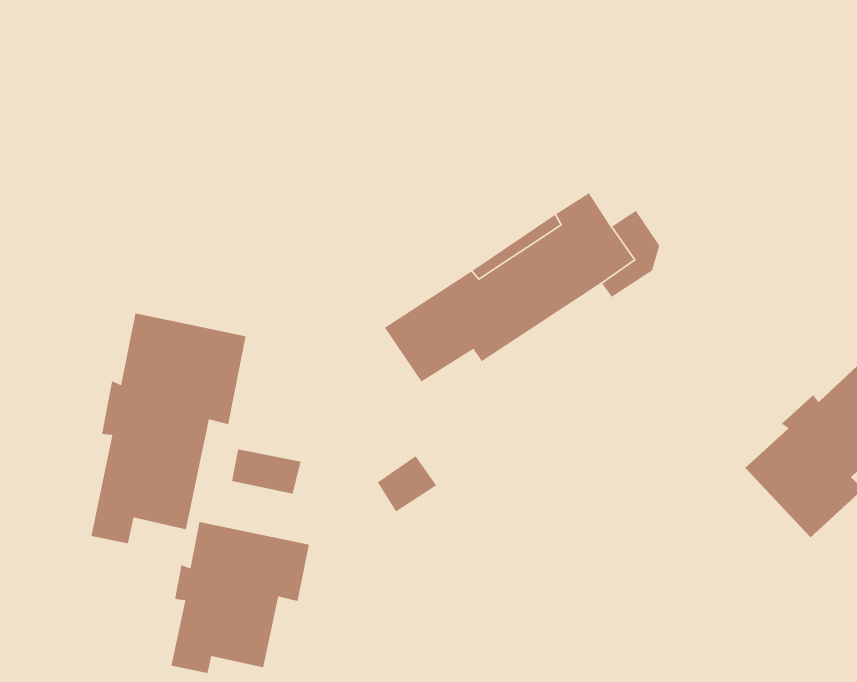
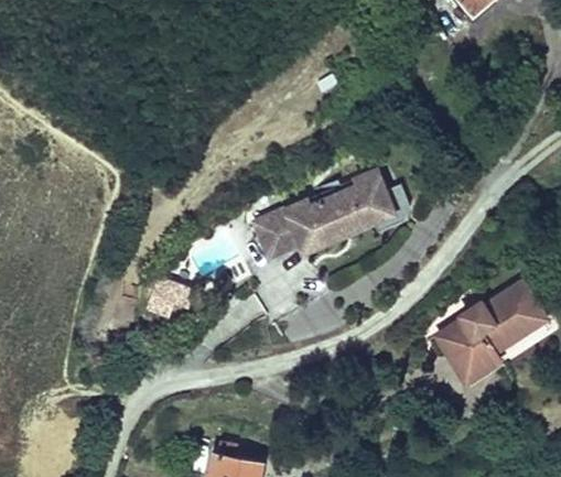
building: [91,312,247,544] -> none
building: [170,521,310,674] -> none

